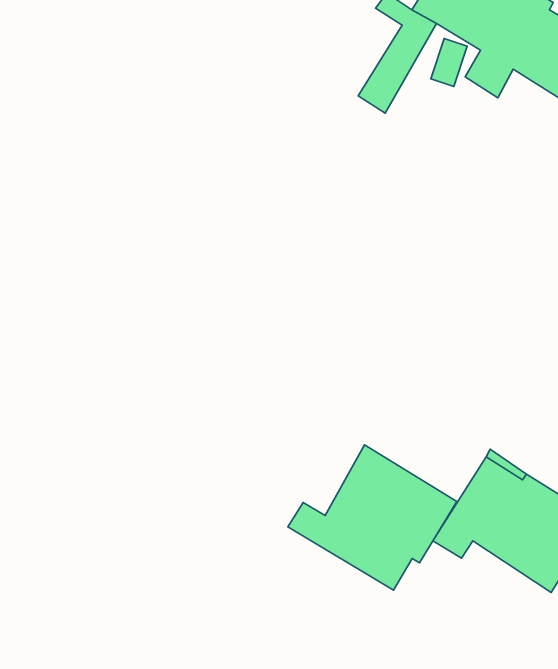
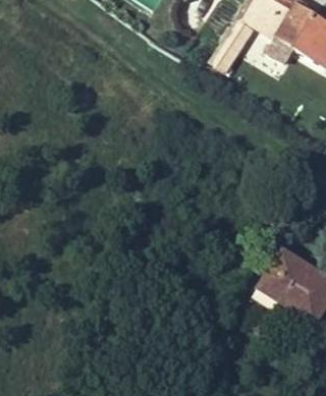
building: [288,445,457,590] -> none

